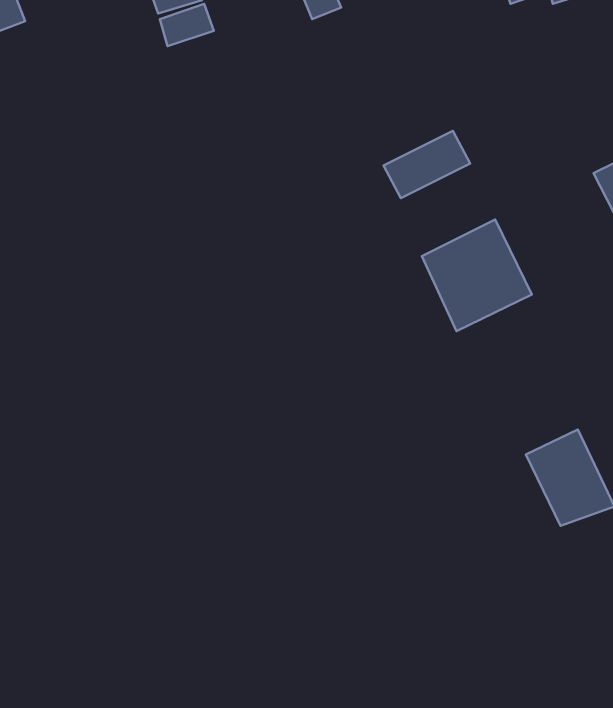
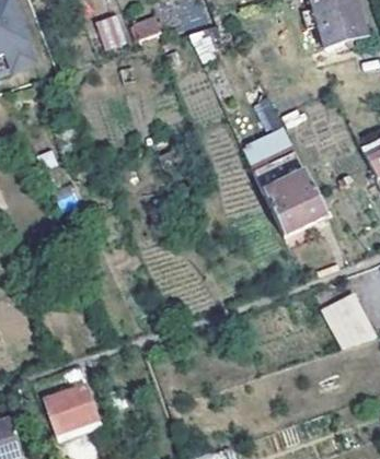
building: none -> [251,144,303,186]
building: none -> [44,381,100,439]

